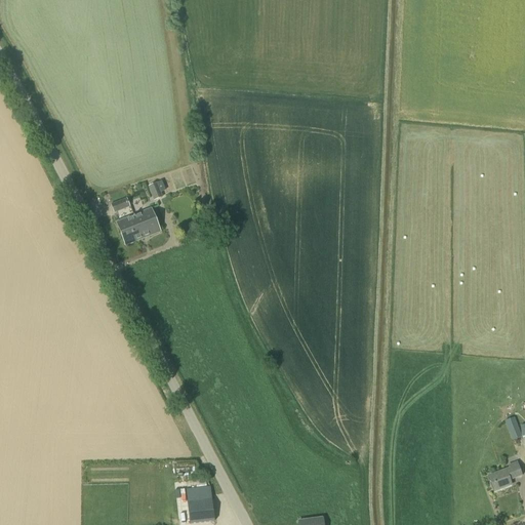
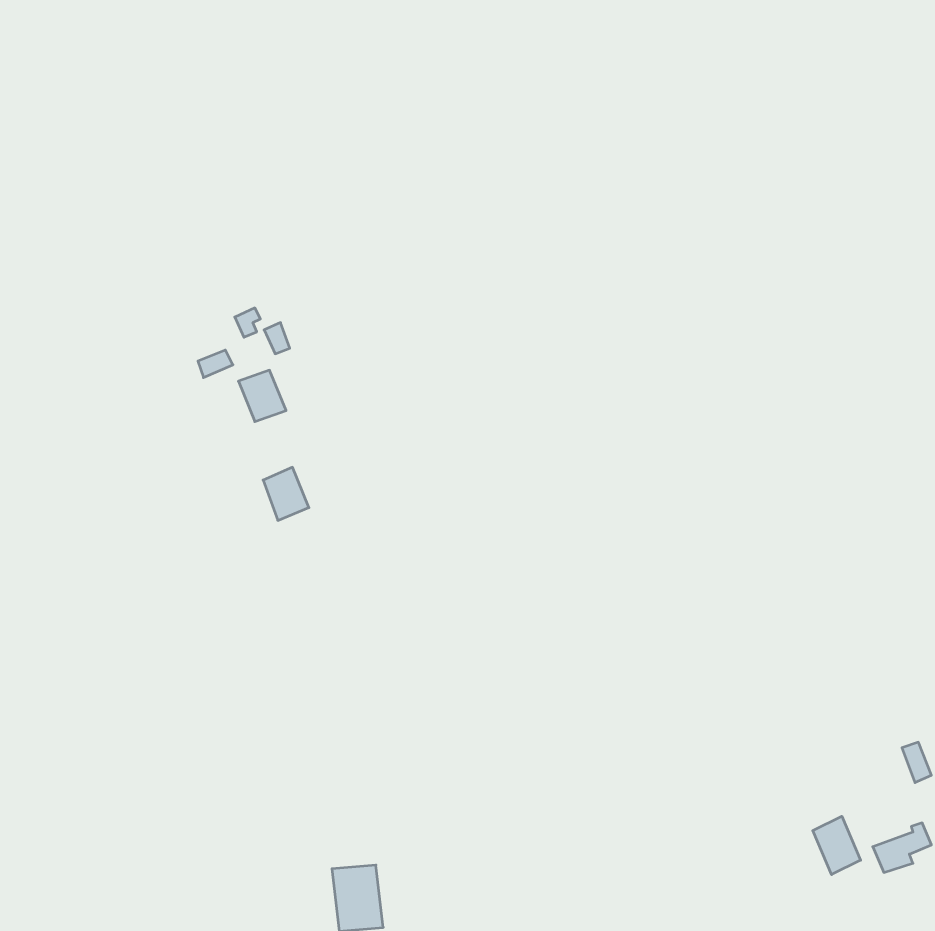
building: [118,213,144,243] -> [263,467,309,520]
building: none -> [813,816,861,875]

